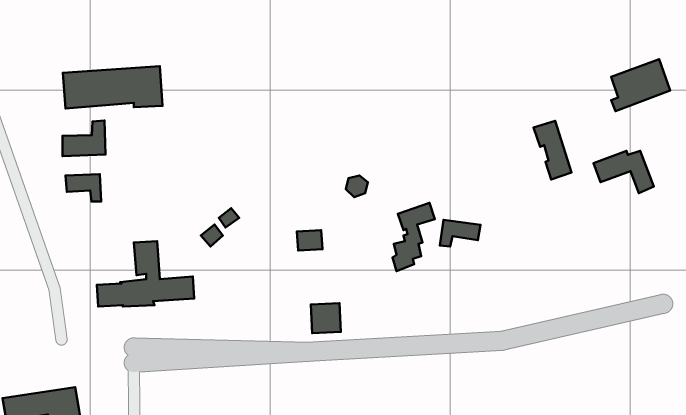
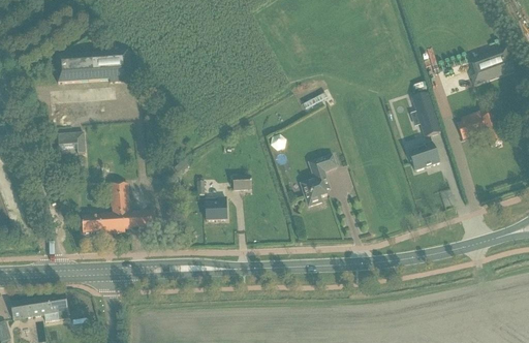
building: [63,121,106,156] -> none
building: none -> [407,142,438,170]
building: [440,220,481,247] -> none
building: [311,303,341,333] -> [204,197,226,220]

